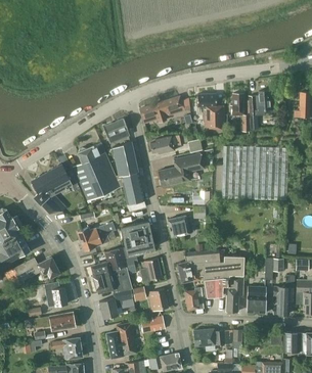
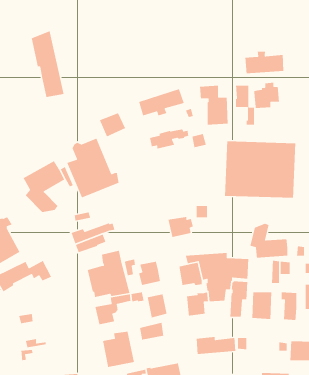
building: none -> [244,51,284,74]
building: [113,141,144,204] -> [31,30,64,98]
building: [158,153,205,187] -> none
building: [121,222,154,253] -> none
building: none -> [249,223,288,258]
building: [44,282,68,308] -> none
building: [35,313,76,332] -> none
building: [51,338,82,360] -> none

